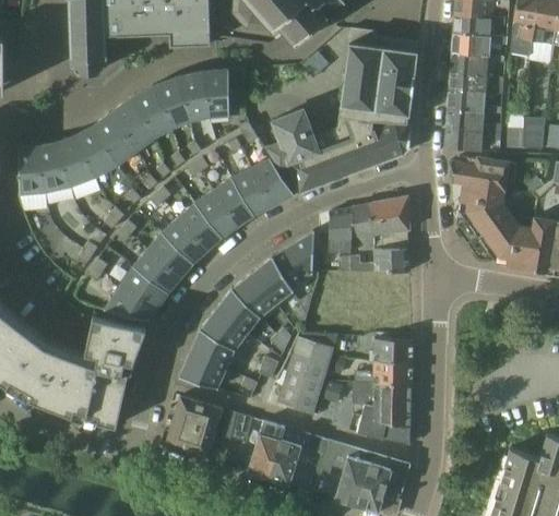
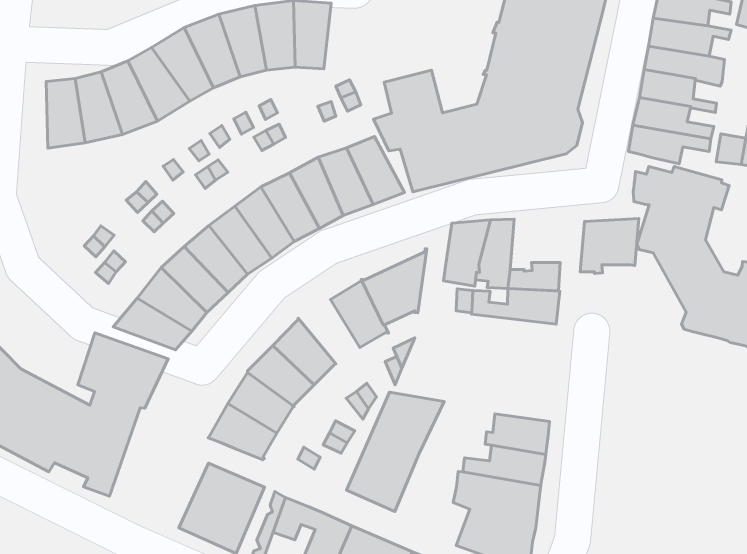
building: [19,146,45,193] -> none
building: [371,197,409,239] -> [580,218,639,274]
building: [230,274,275,317] -> none

